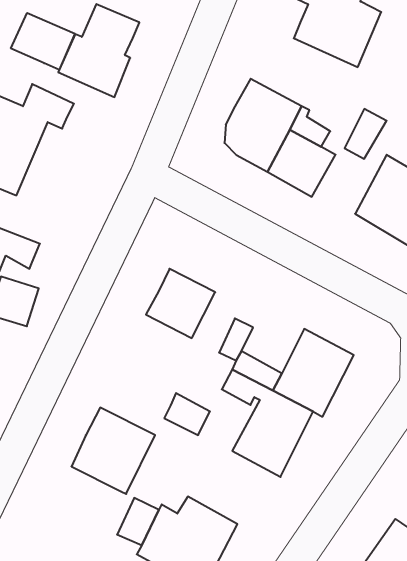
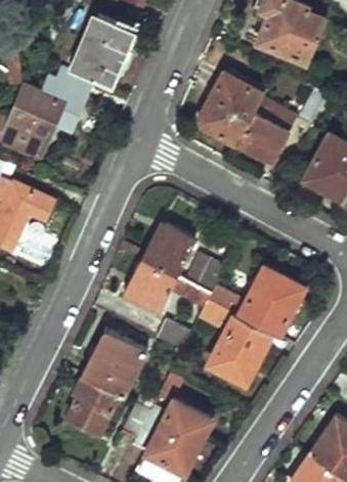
building: [11,13,75,70] -> none
building: none -> [122,257,176,311]
building: none -> [67,376,121,431]

